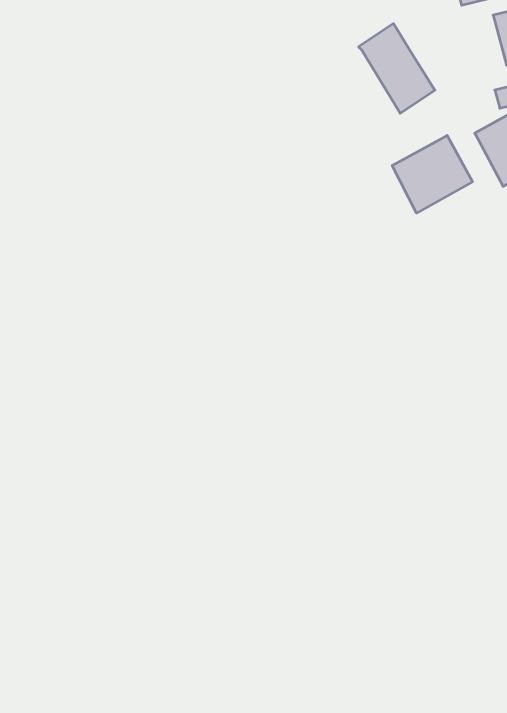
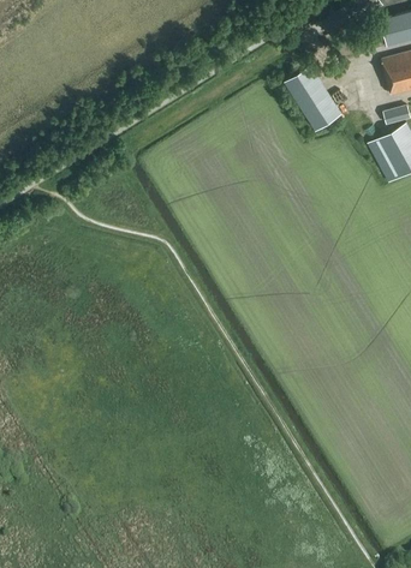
building: [392,135,472,213] -> none

